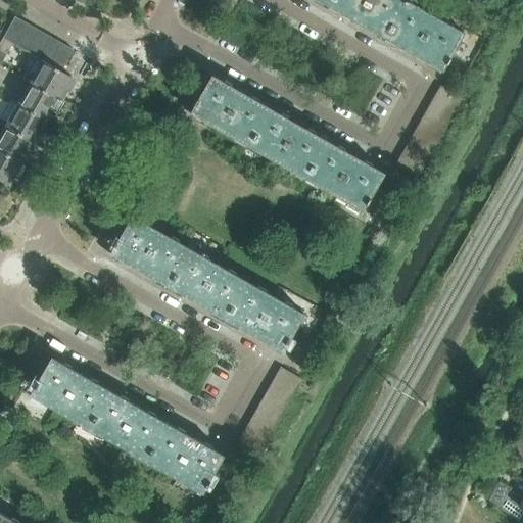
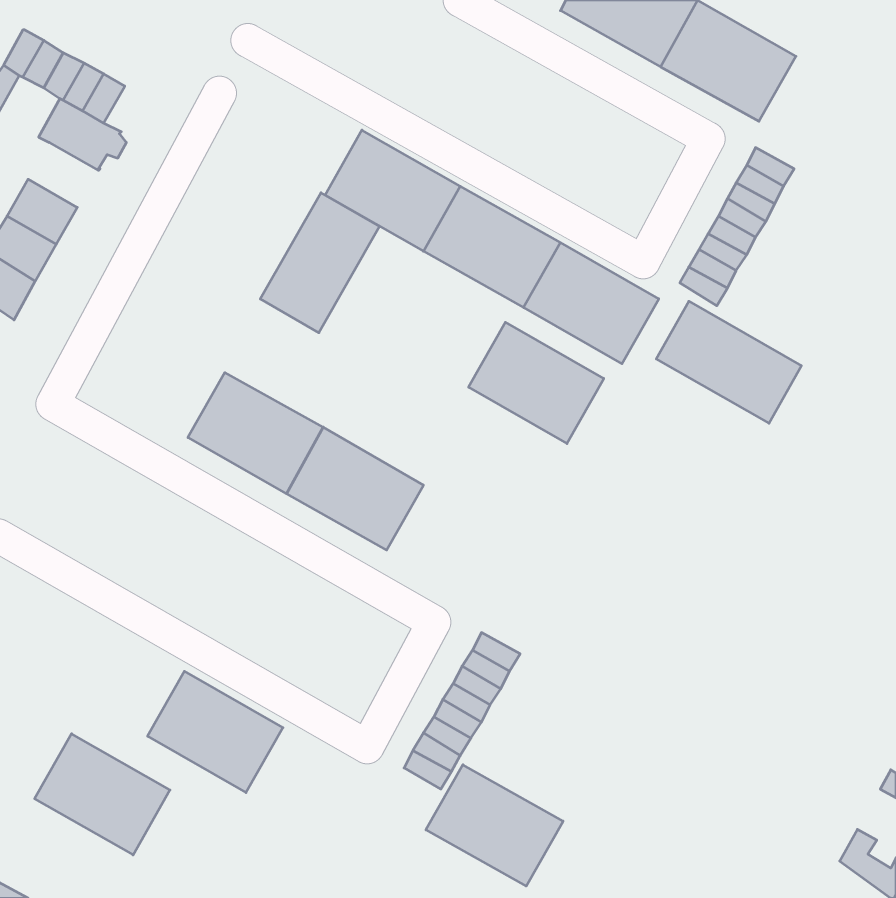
building: [16,83,57,121] -> none
building: none -> [260,193,380,333]
building: none -> [656,301,801,423]
building: [225,282,303,352] -> [469,322,604,444]
building: [29,358,107,428] -> [35,734,170,855]
building: [143,423,223,493] -> [426,765,563,886]

